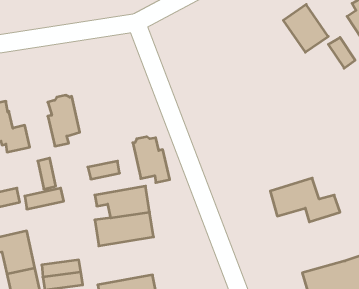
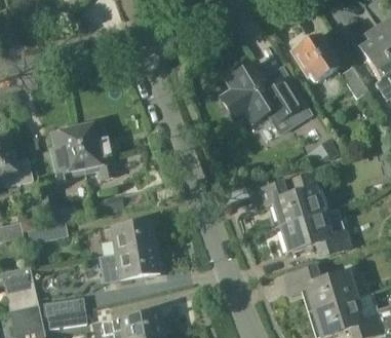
building: none -> [222,63,312,125]
building: [133,137,170,183] -> [76,122,114,170]
building: none -> [250,173,323,226]
building: none -> [283,267,357,310]

